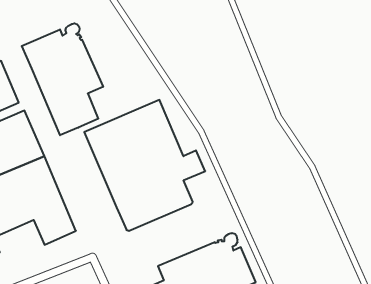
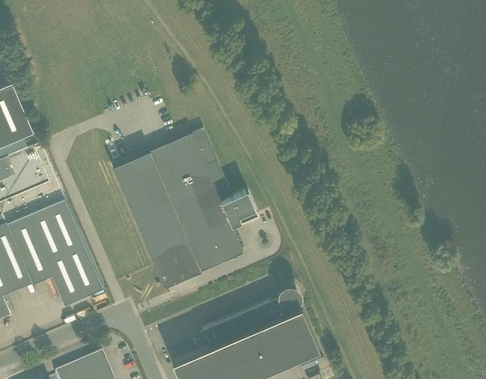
building: [22,23,103,135] -> none

